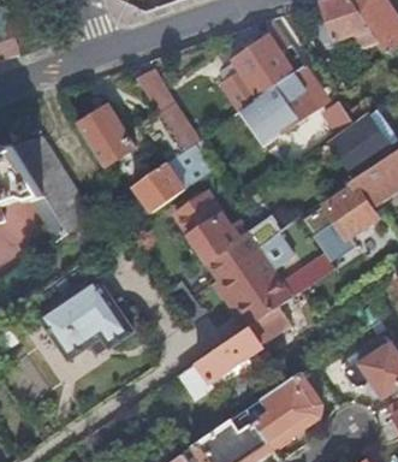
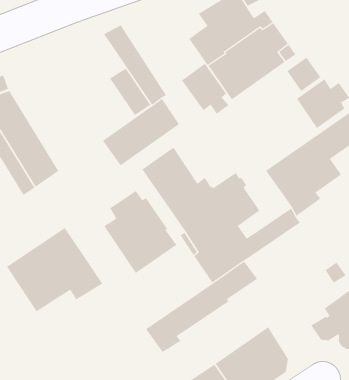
building: [76,105,133,167] -> none
building: none -> [181,63,229,115]
building: none -> [103,190,177,274]

